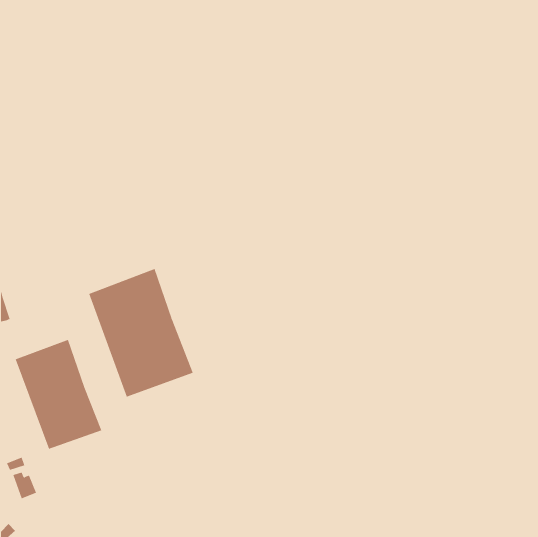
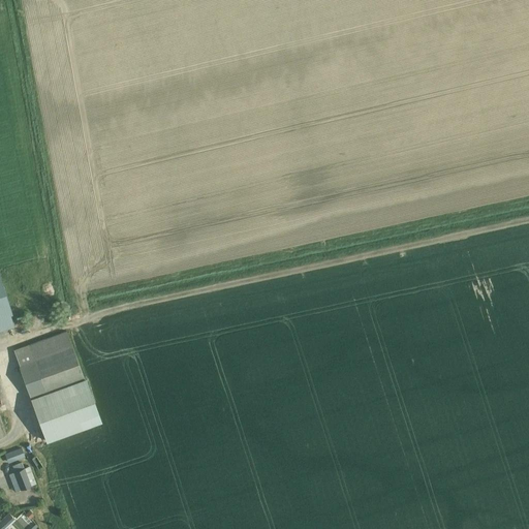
building: [89,268,193,398] -> none

